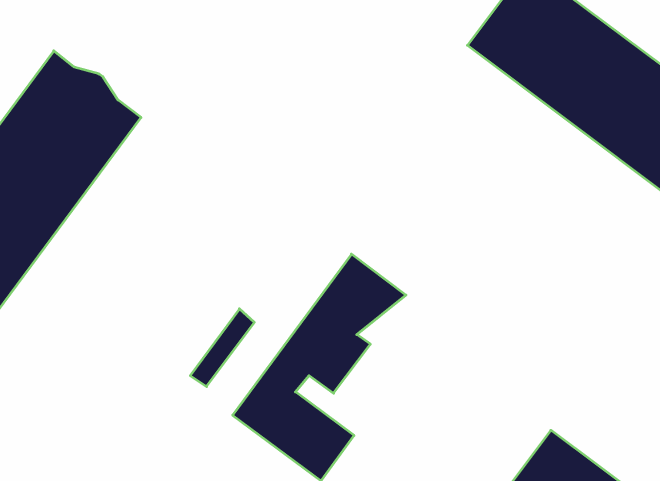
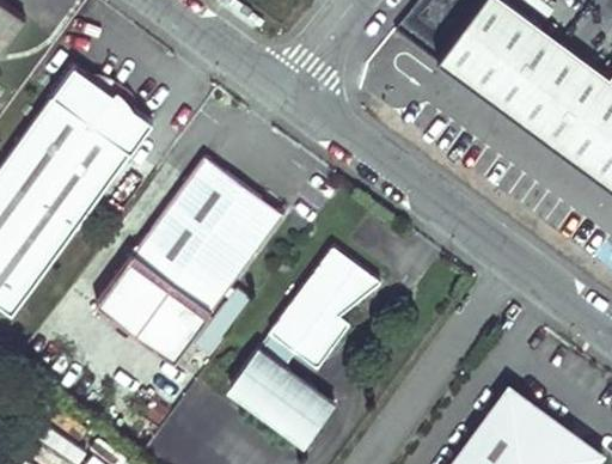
building: none -> [93,163,282,367]

